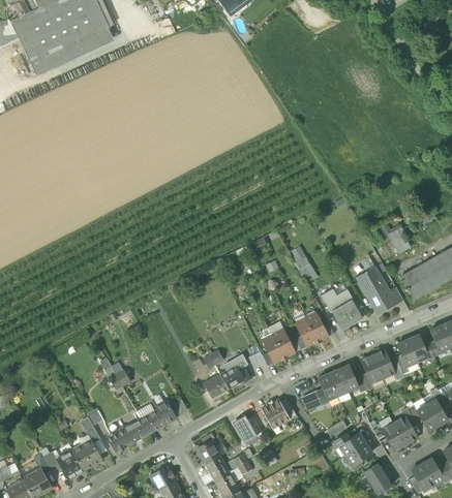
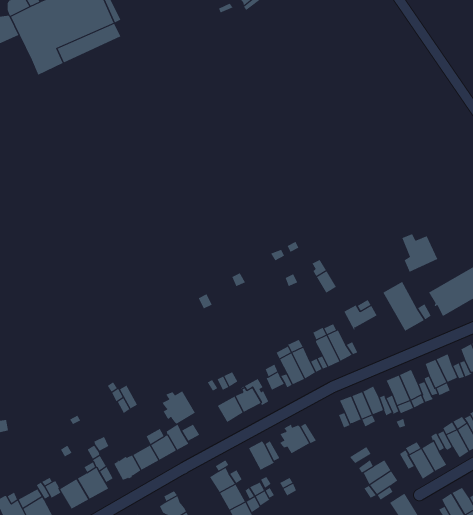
building: [331,299,362,329] -> none
building: none -> [161,390,196,425]

